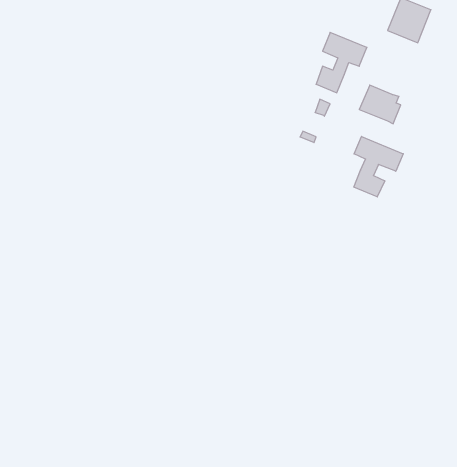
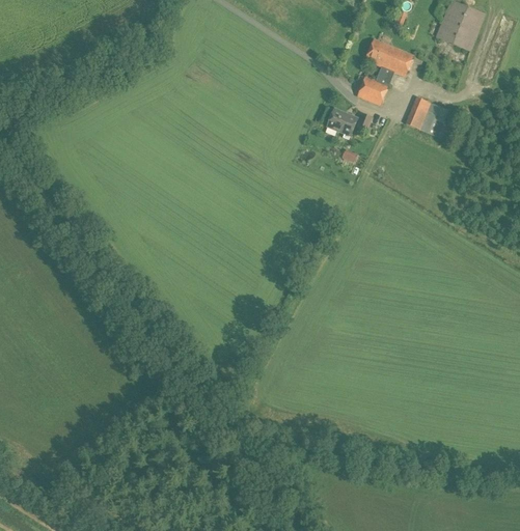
building: none -> [327,108,357,139]
building: [354,136,403,197] -> none

